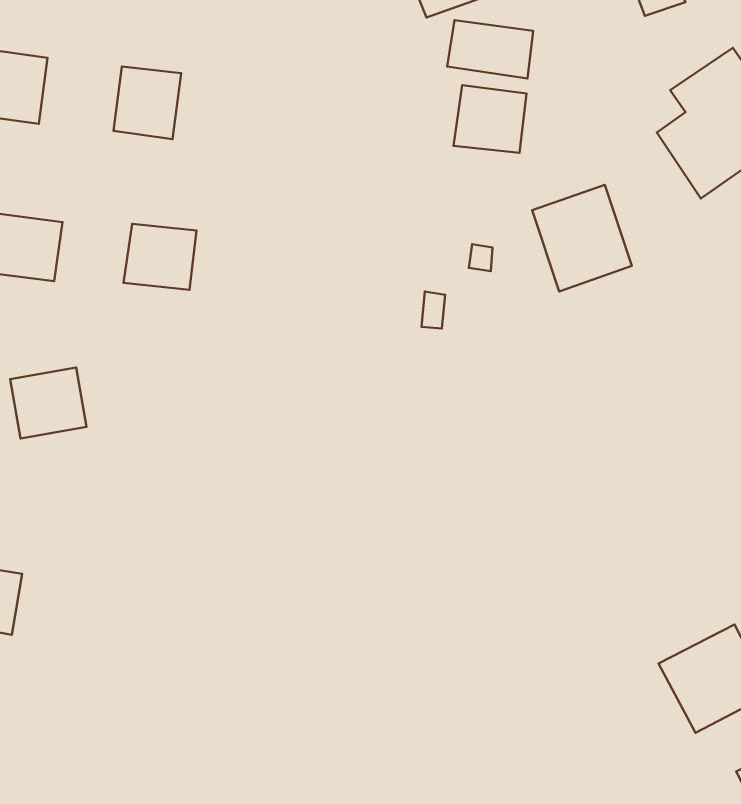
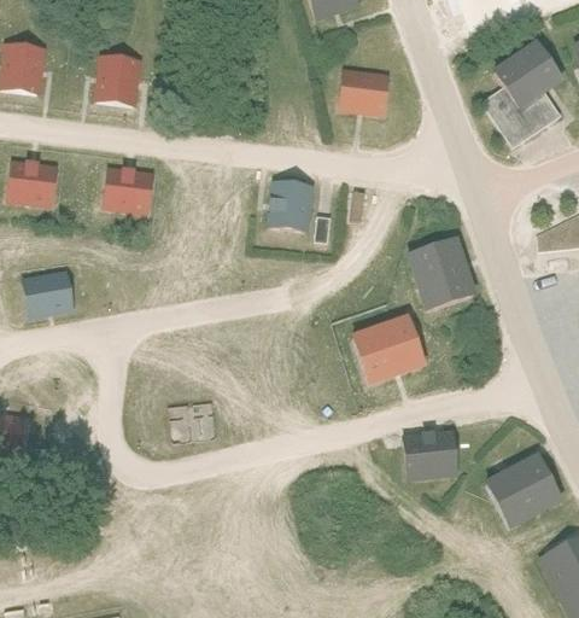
building: [447,20,533,79] -> none
building: [532,185,632,291] -> [405,235,476,311]
building: none -> [265,179,314,231]
building: none -> [350,314,426,386]
building: none -> [400,427,458,480]

